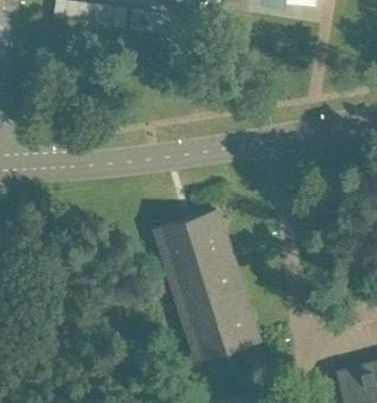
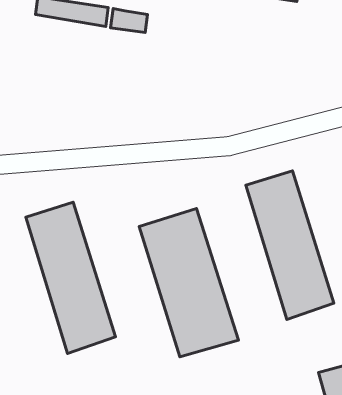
building: none -> [246,171,334,320]
building: none -> [26,202,115,353]

